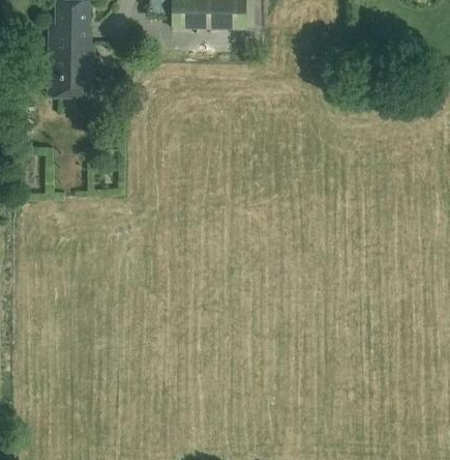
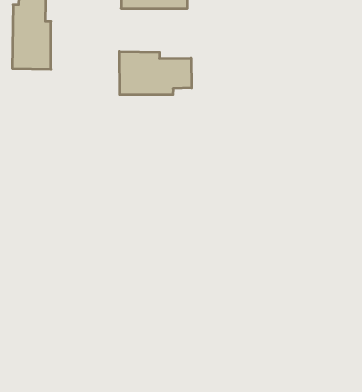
building: none -> [119,51,192,95]

